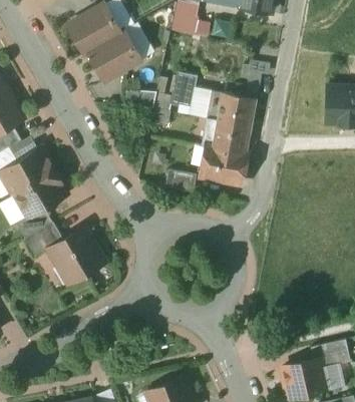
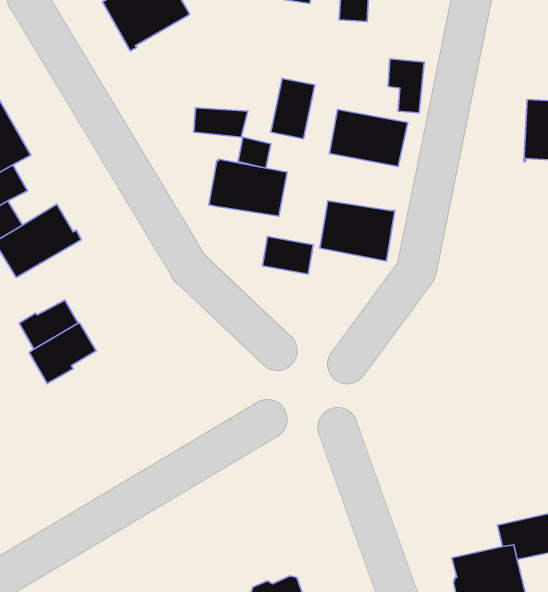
building: [87,30,140,81] -> none
building: [201,118,249,153] -> [209,159,287,216]
building: [14,171,66,218] -> none
building: [48,228,104,284] -> none

